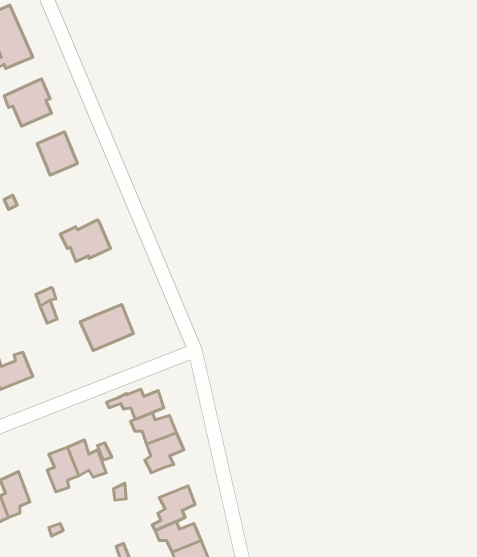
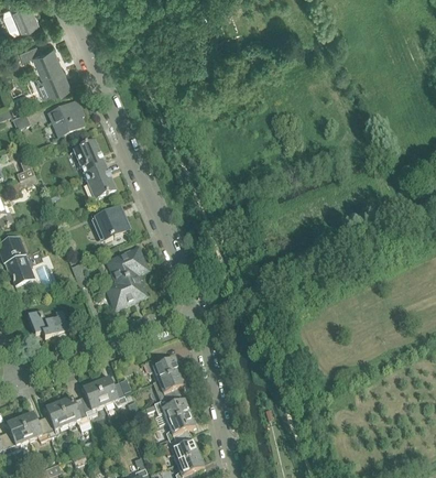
building: none -> [83,164,115,197]
building: none -> [107,246,148,281]
building: [106,389,164,419] -> [144,396,188,420]
building: none -> [58,395,91,430]

